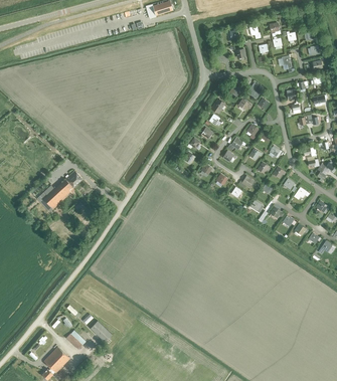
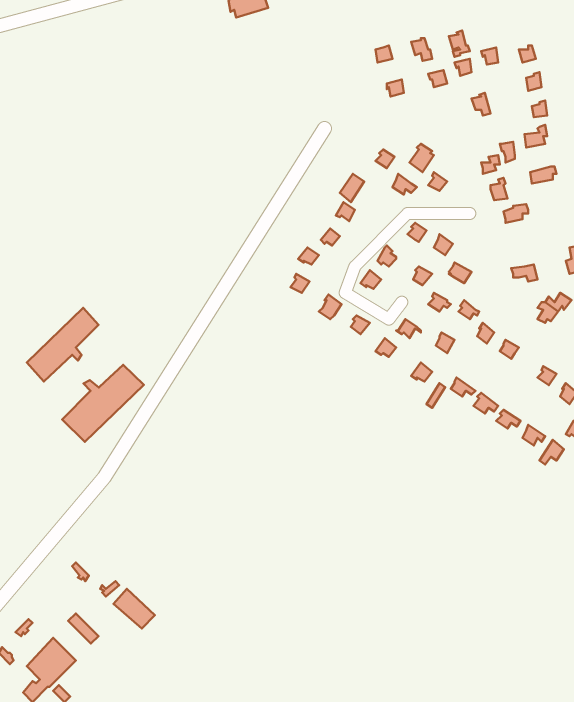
building: none -> [62,365,144,442]

